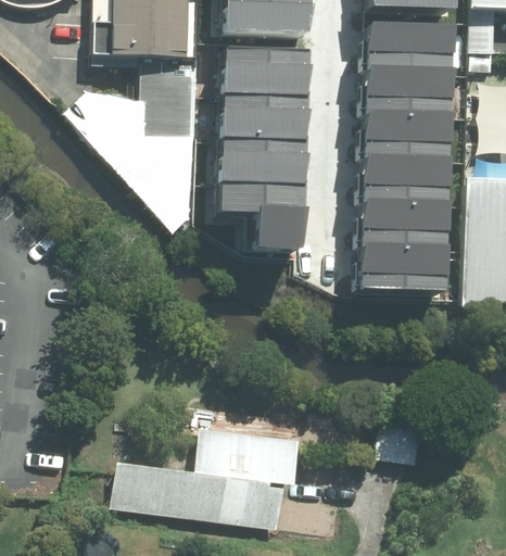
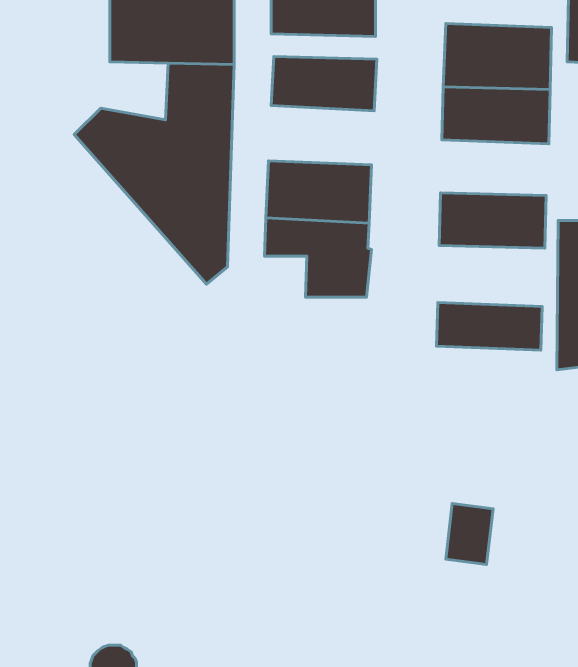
building: [224,88,311,137] -> none
building: [365,116,454,162] -> none
building: [363,203,451,253] -> none
building: [101,429,289,530] -> none

